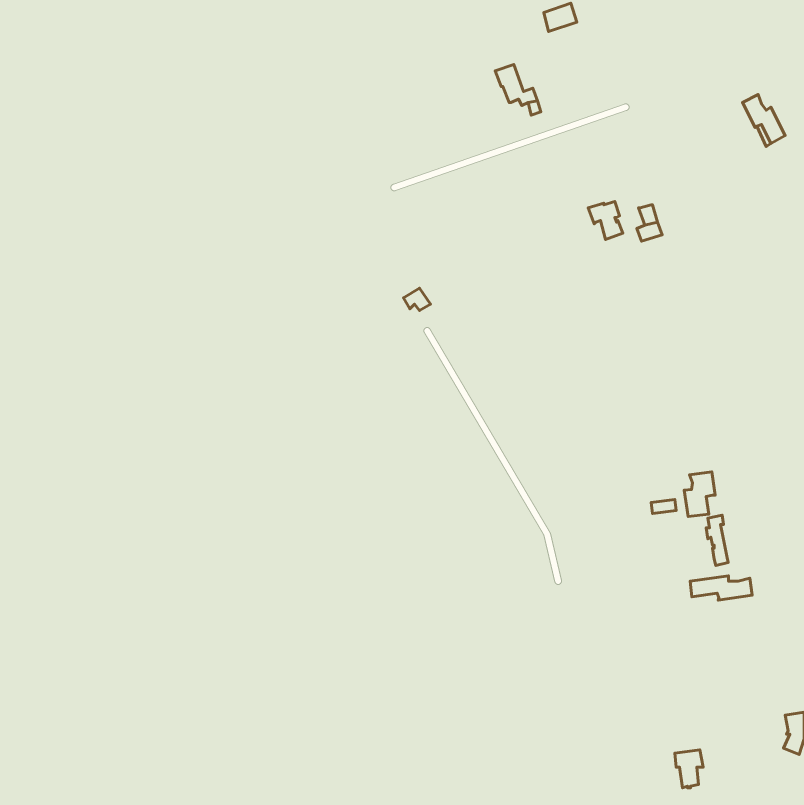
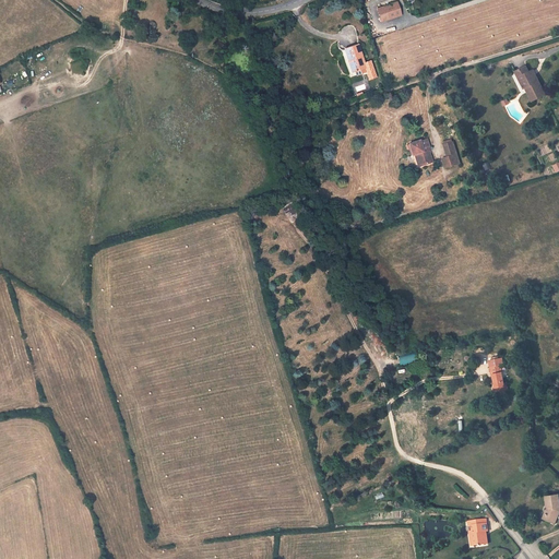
building: [684,472,715,516] -> none
building: [690,576,752,600] -> none

